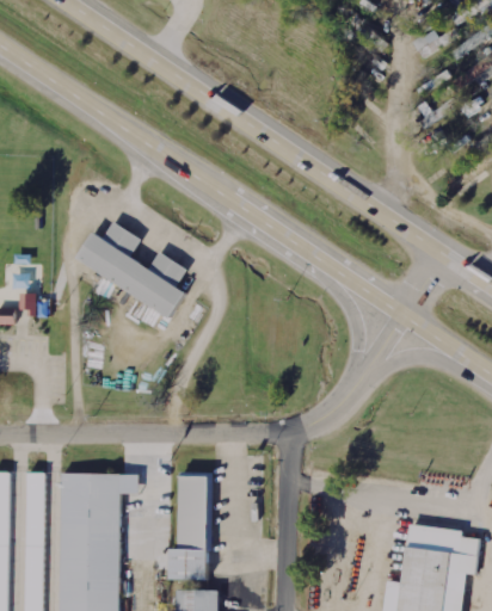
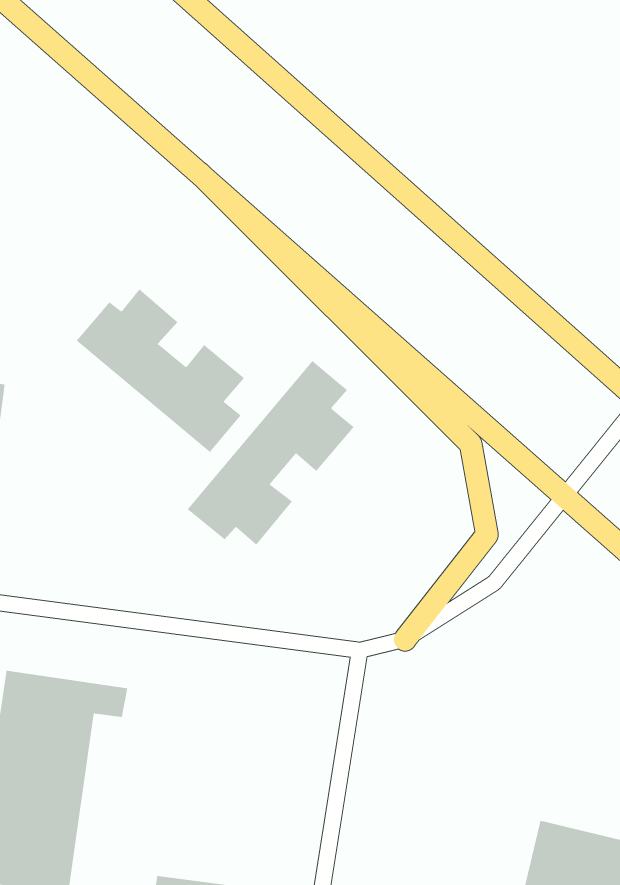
building: none -> [187,360,355,545]
building: [174,474,211,581] -> none

